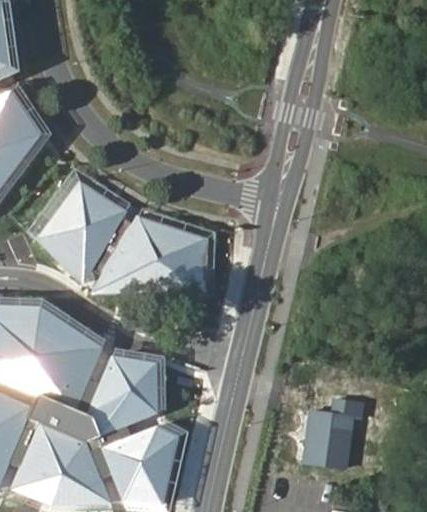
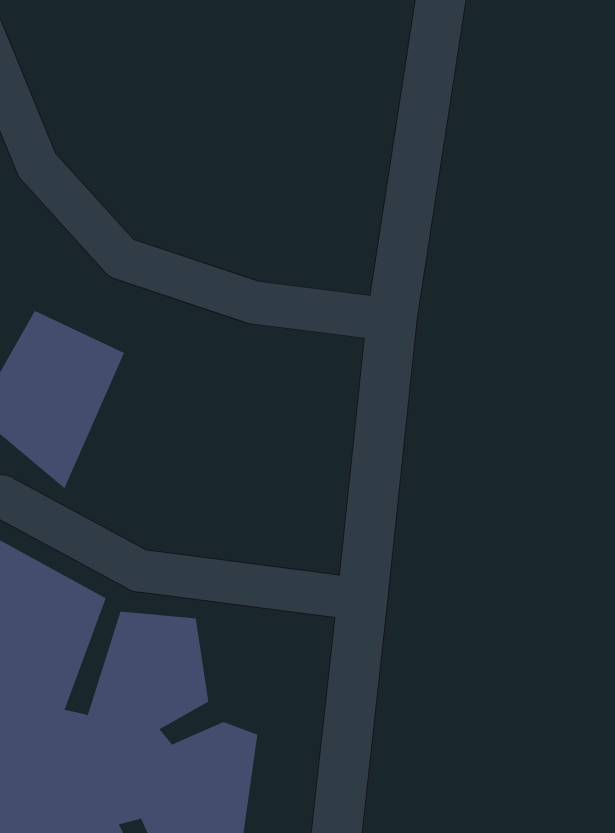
building: [92,214,207,296] -> none
building: [303,395,362,465] -> none

